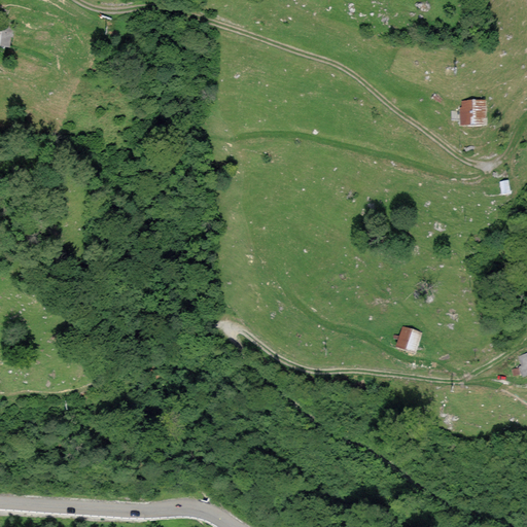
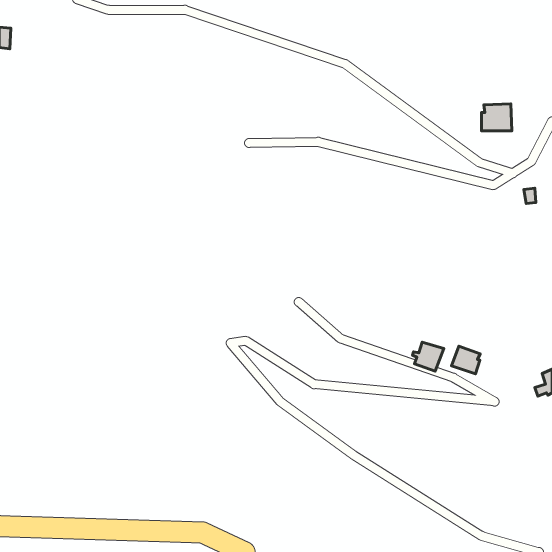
building: none -> [451,346,480,374]

